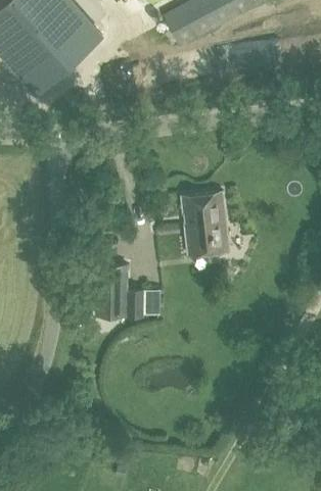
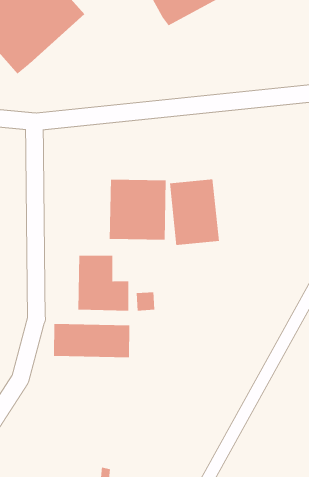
building: none -> [109,179,166,240]
building: none -> [53,323,130,358]

